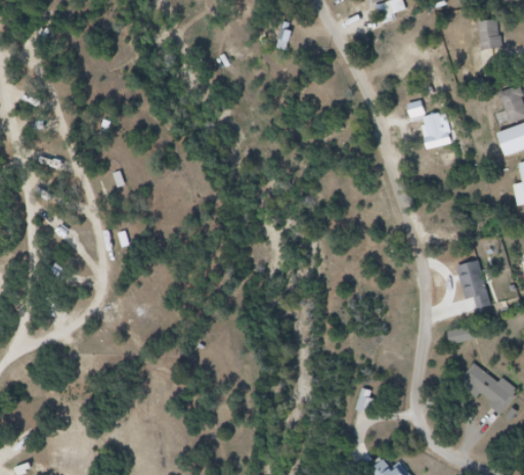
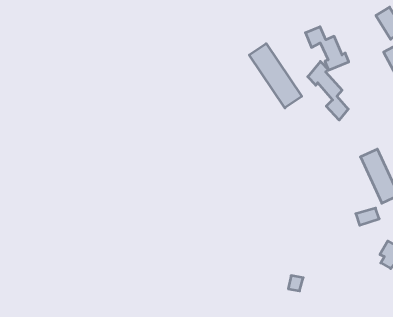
building: none -> [249,44,302,108]
building: none -> [308,61,348,120]

